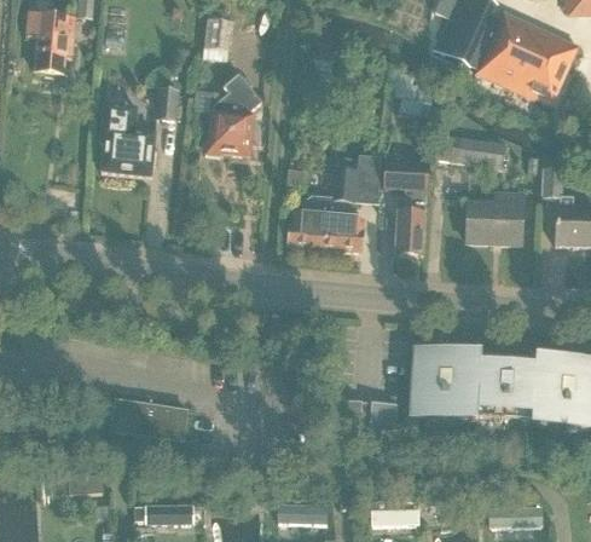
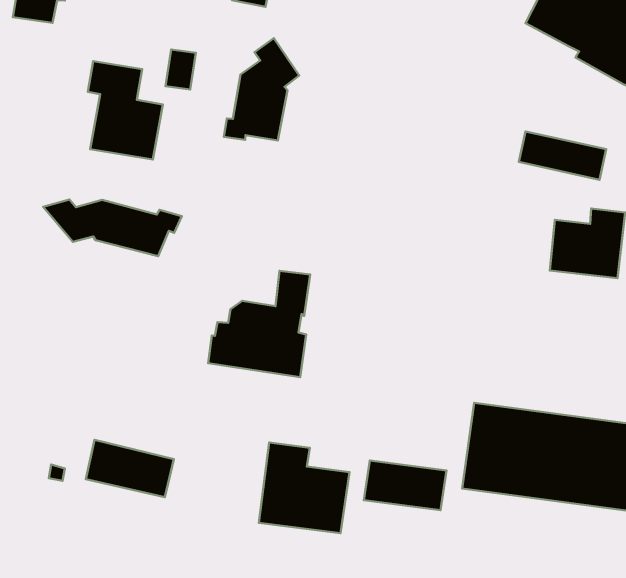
building: [384,158,429,253] -> none
building: [289,167,364,249] -> [208,271,310,377]
building: none -> [43,199,182,256]
building: none -> [259,443,349,533]

